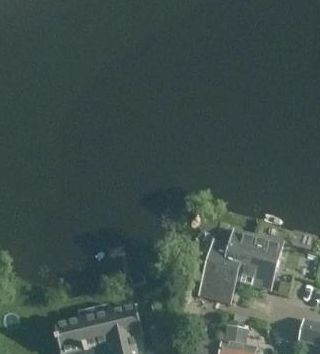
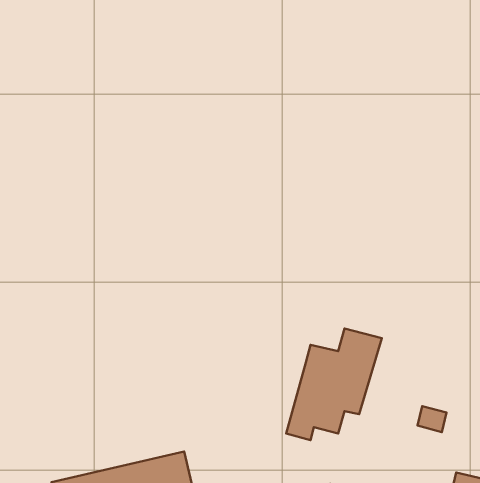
building: [244,235,283,289] -> none

